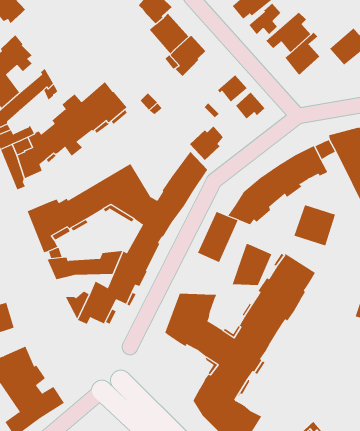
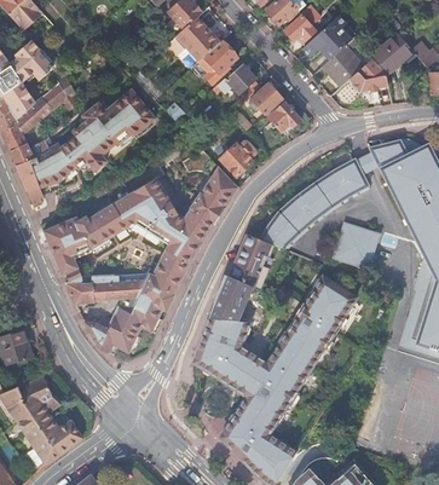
building: none -> [350,57,387,91]
building: none -> [219,62,262,99]
building: [232,243,272,286] -> [208,273,252,319]

